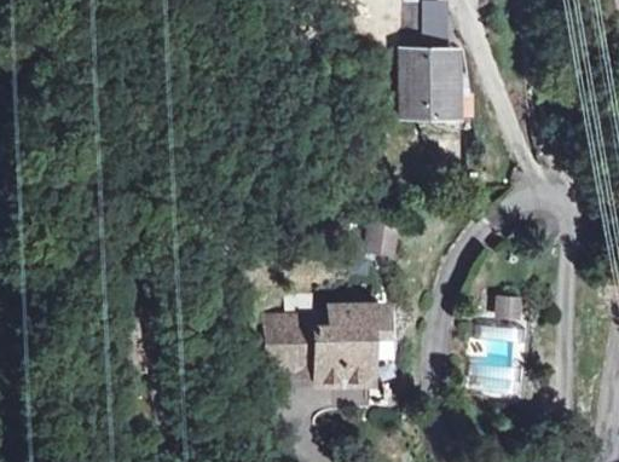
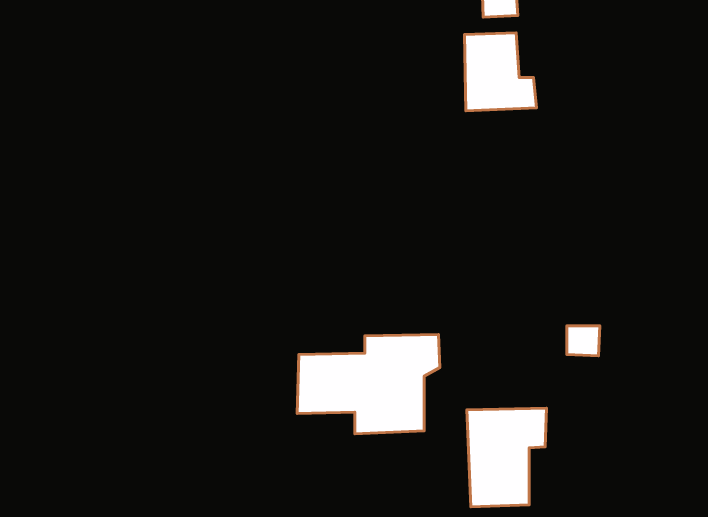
building: none -> [467,408,546,507]

